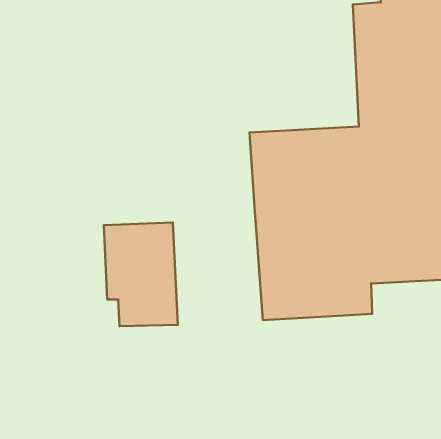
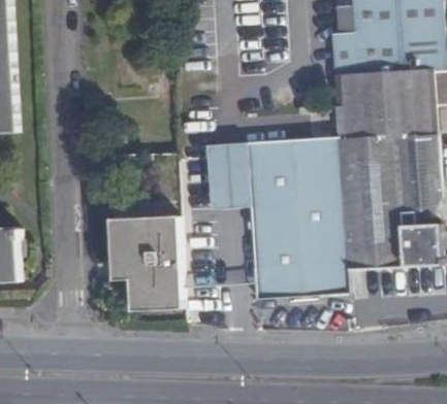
building: none -> [204,139,248,204]

